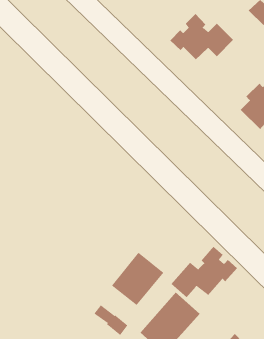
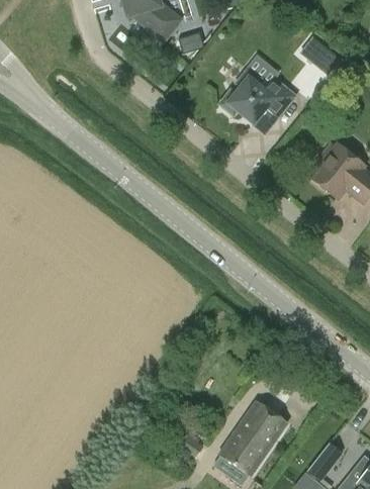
building: [170,246,238,298] -> none
building: [111,252,164,306] -> none

